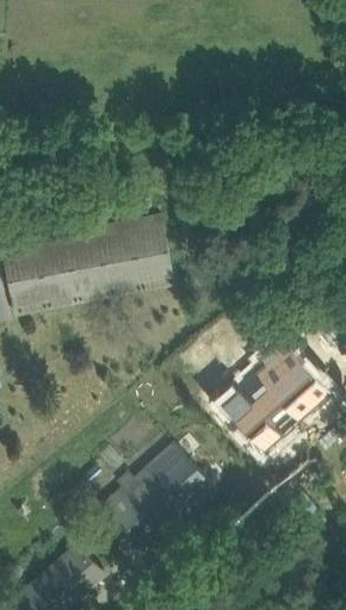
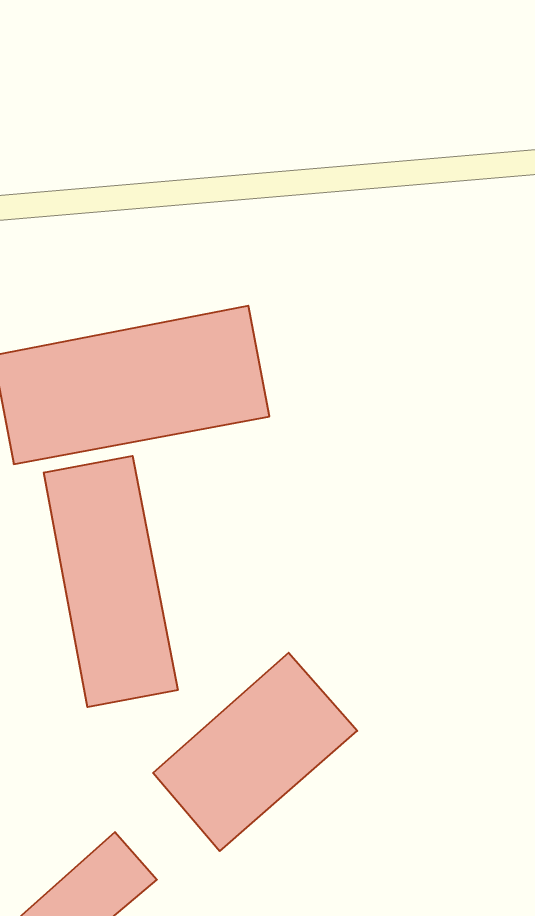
building: none -> [44,456,178,707]
building: [218,340,329,452] -> none

